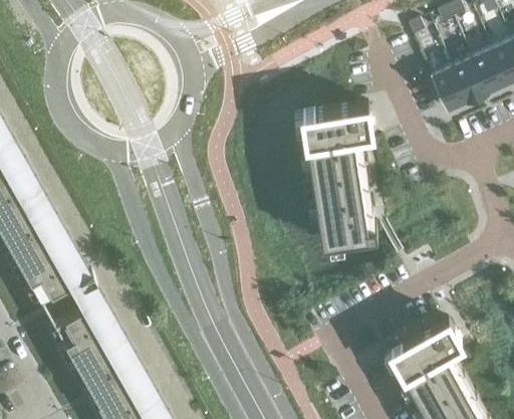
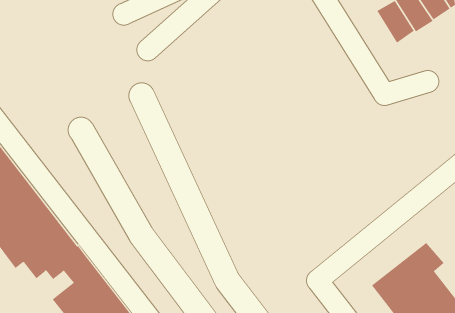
building: [303,108,377,246] -> none

